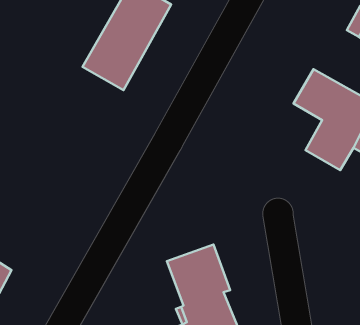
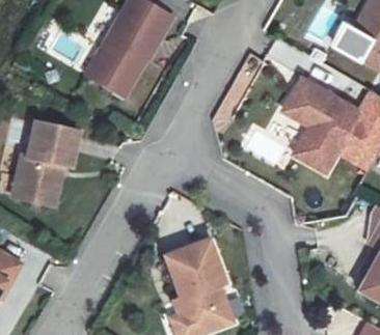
building: none -> [18,120,80,204]

